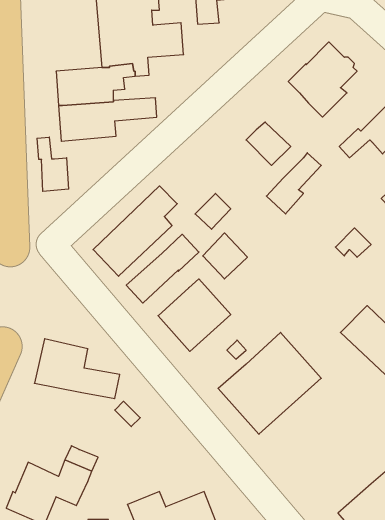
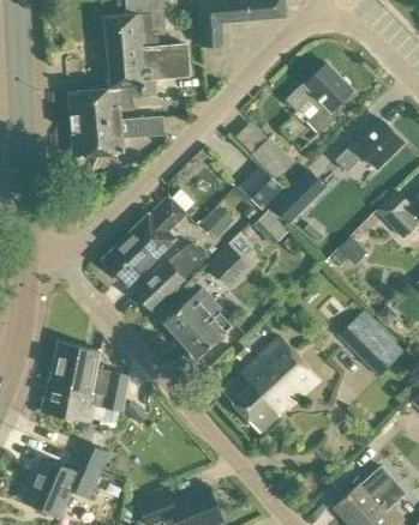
building: [37,137,69,191] -> none
building: none -> [240,174,280,212]
building: none -> [42,385,124,424]

